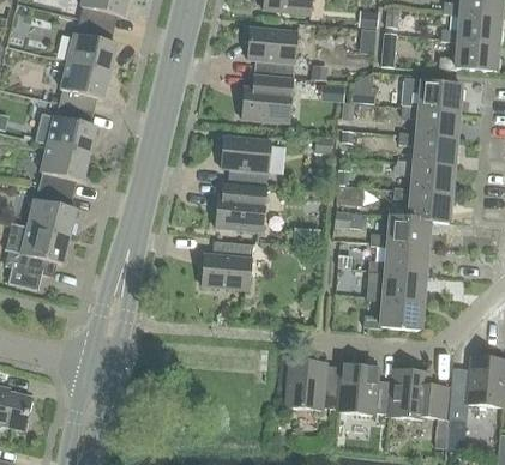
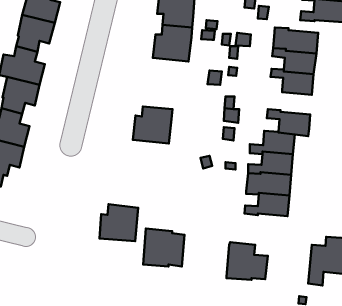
building: [220,135,270,186] -> none
building: [395,158,452,193] -> none
building: [200,240,252,289] -> [99,204,138,241]
building: [287,358,342,409] -> [143,229,185,266]
building: [390,368,446,418] -> none

